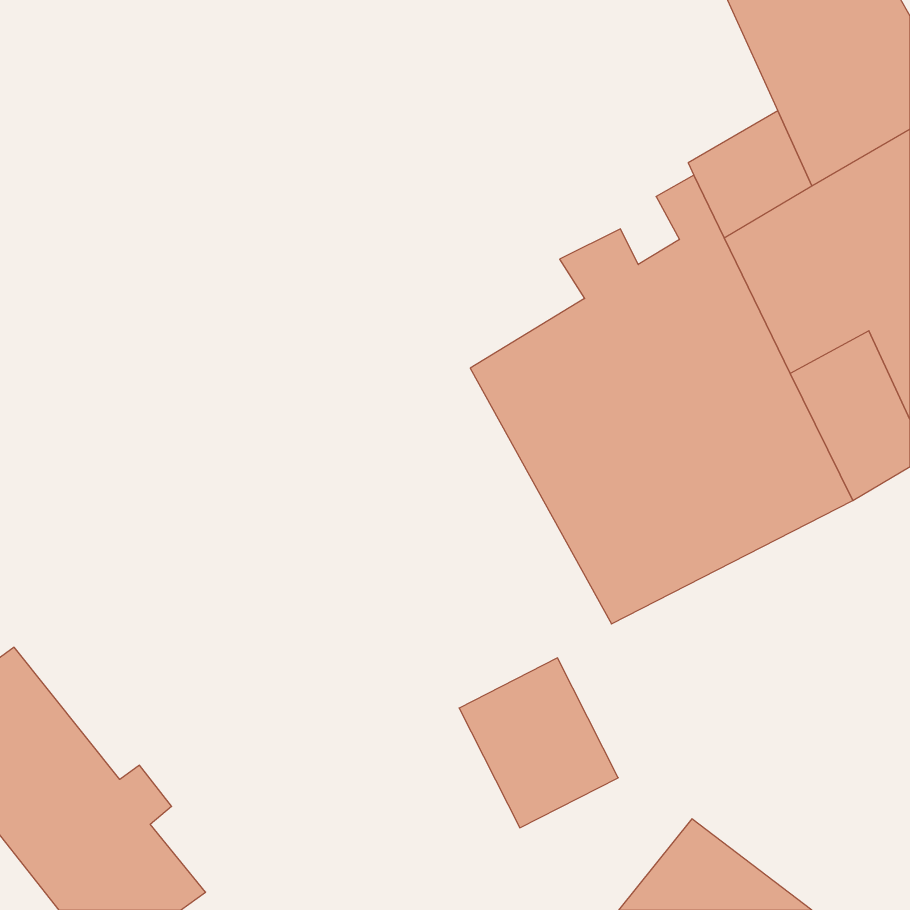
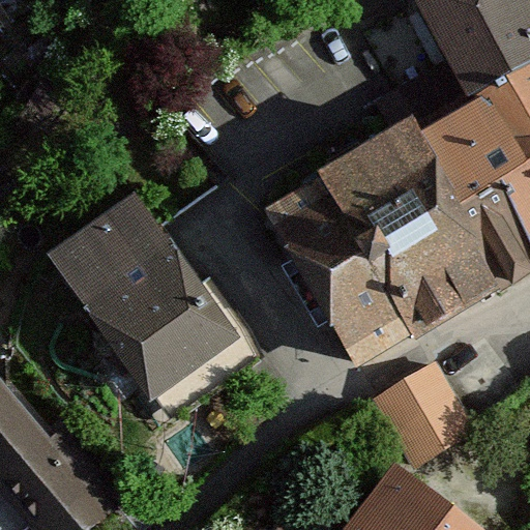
building: none -> [53,201,251,402]
building: [459,658,618,828] -> [379,372,471,470]

